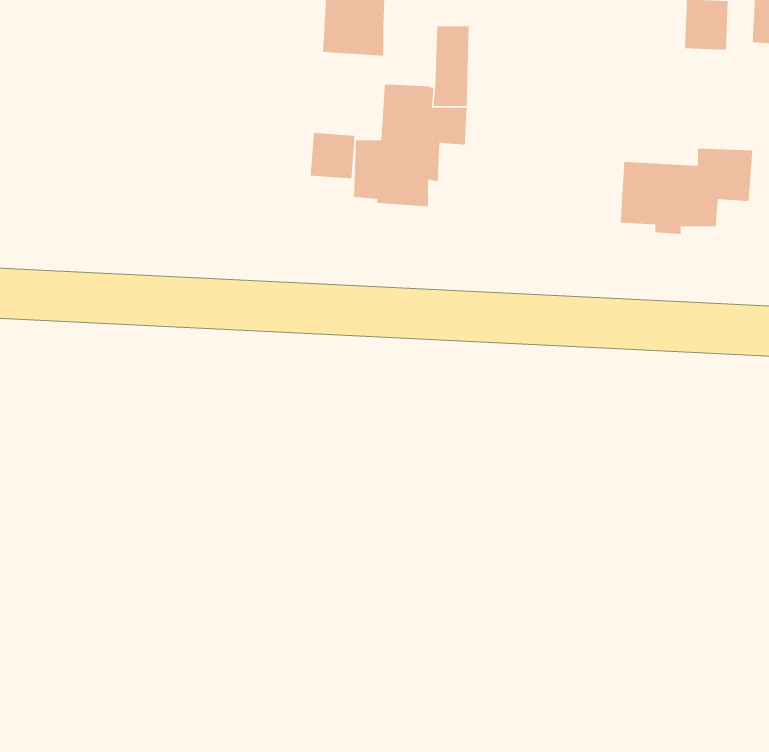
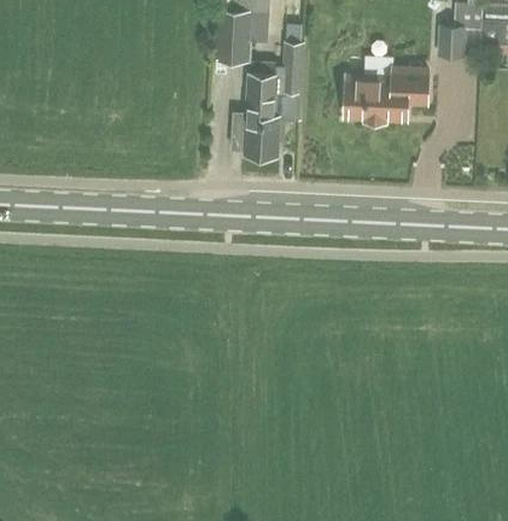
building: [310,132,356,179] -> none
building: [620,148,753,235] -> [345,68,428,122]

